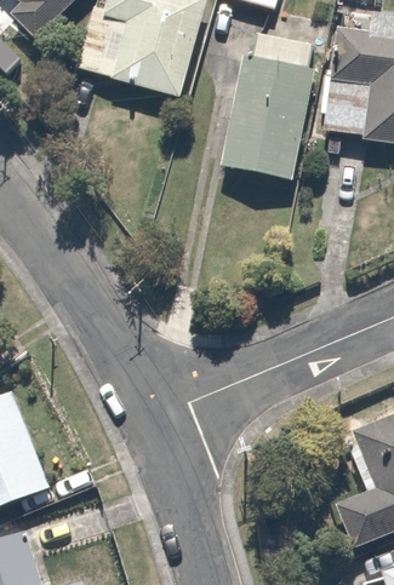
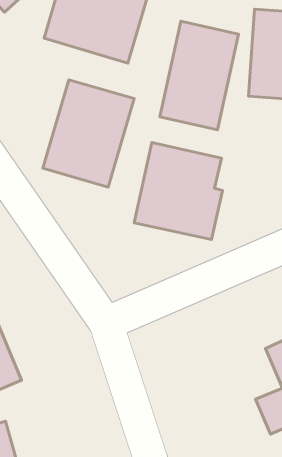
building: none -> [43,80,134,187]
building: none -> [134,143,223,240]

